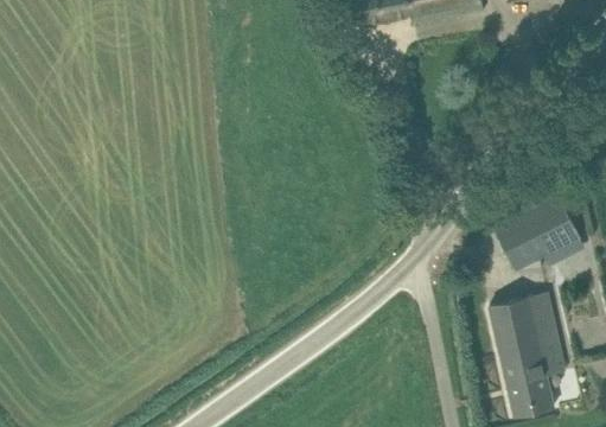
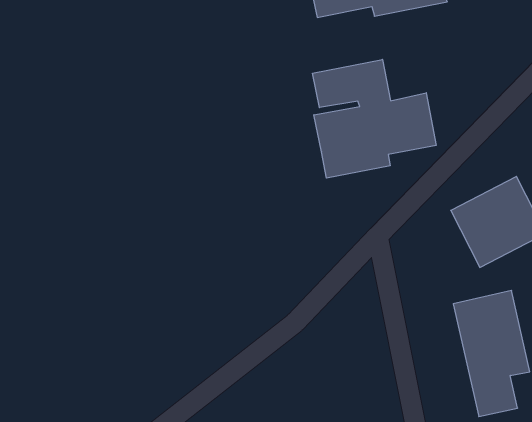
building: none -> [313,59,436,178]

